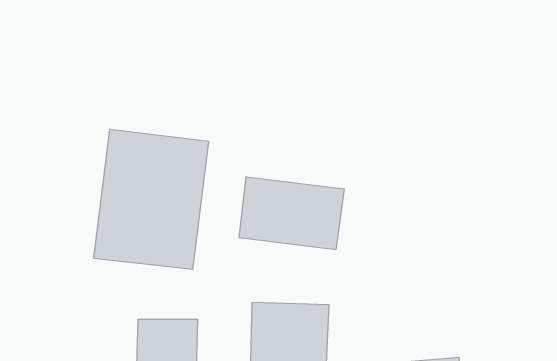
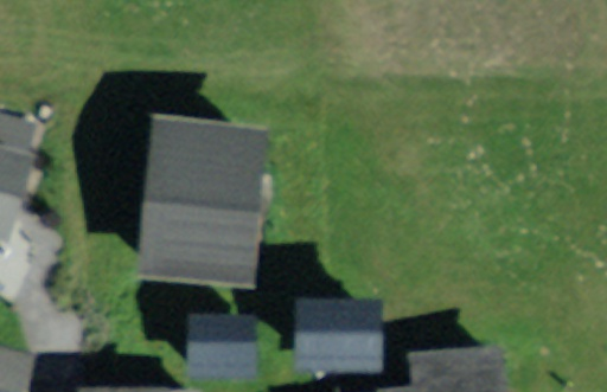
building: [239,177,344,250] -> none

